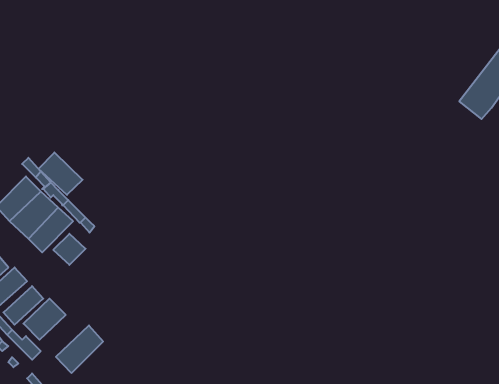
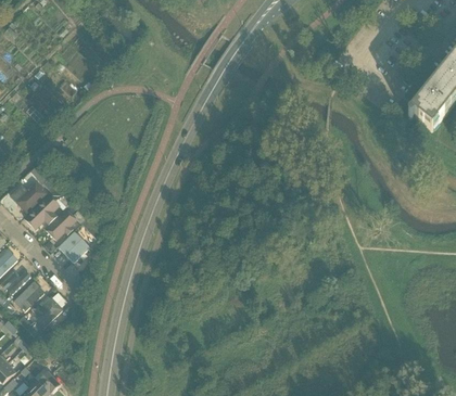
building: [39,152,83,195] -> none
building: [56,325,103,373] -> none

